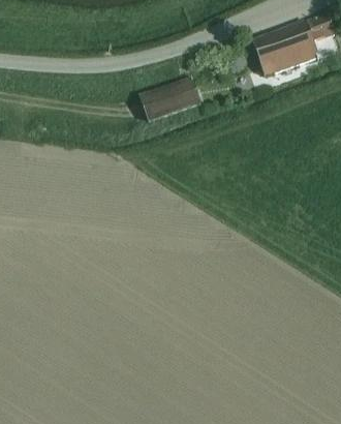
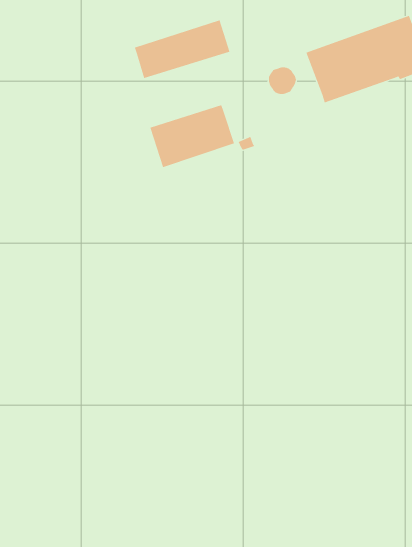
building: none -> [134,20,230,79]

